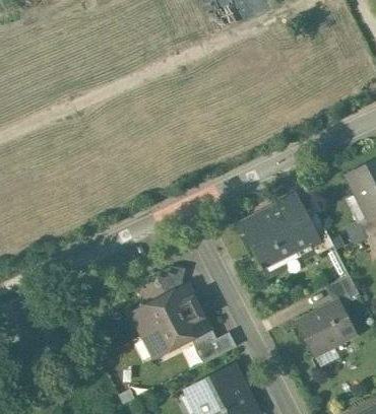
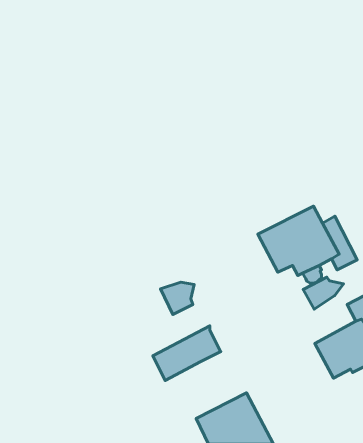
building: none -> [303,277,344,309]
building: [135,285,198,333] -> none
building: [190,327,217,362] -> none

